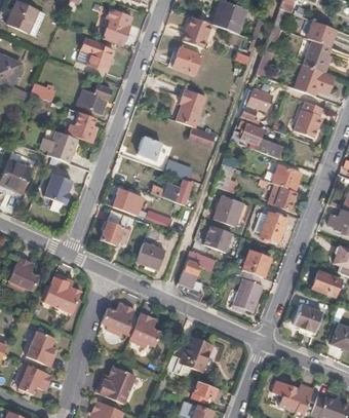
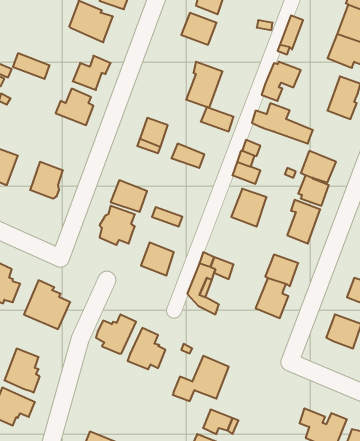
building: [49,130,79,162] -> none
building: [150,180,193,206] -> none
building: [205,225,234,251] -> none
building: [94,366,134,403] -> none

